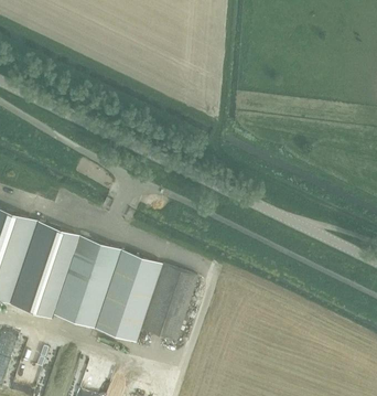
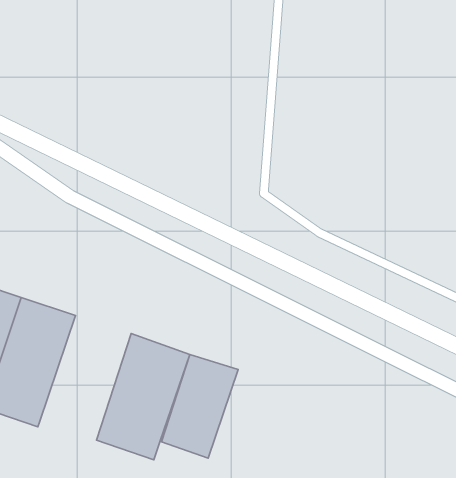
building: [52,236,119,328] -> none

